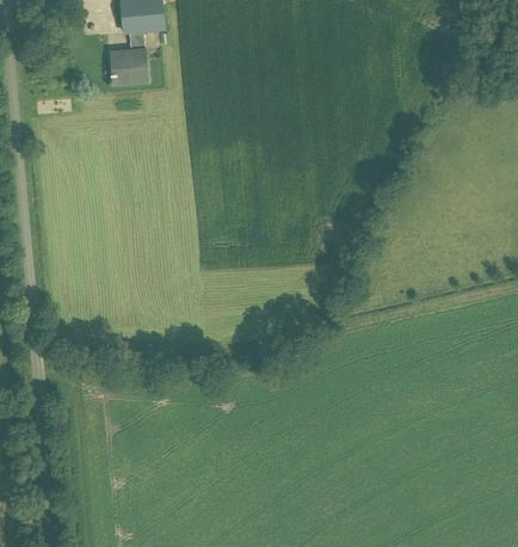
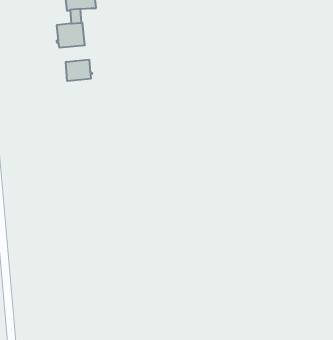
building: none -> [66,60,92,81]

